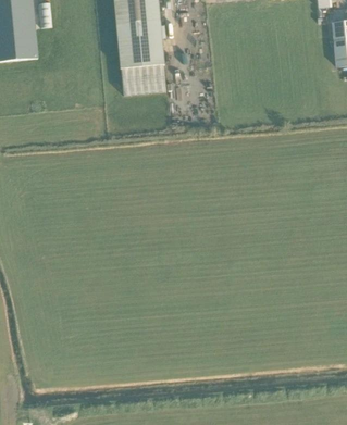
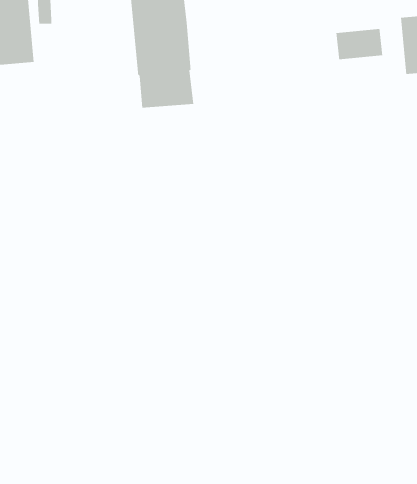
building: none -> [336,28,383,60]

